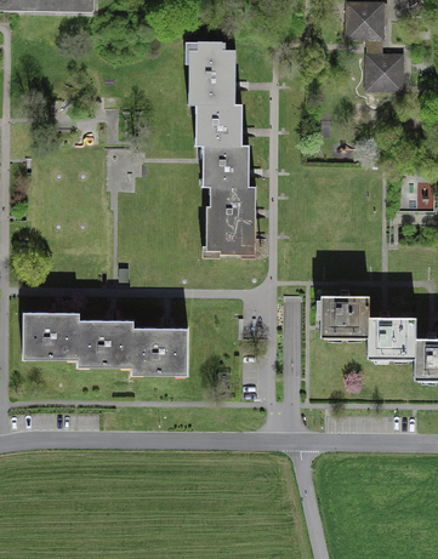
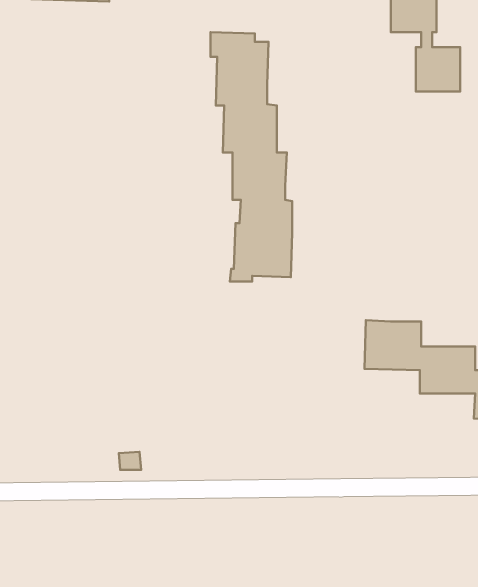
building: [23,312,190,376] -> none

